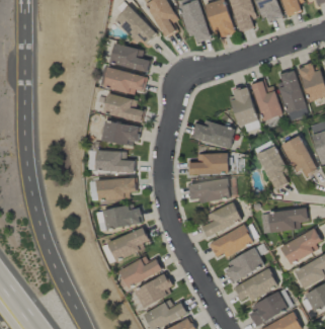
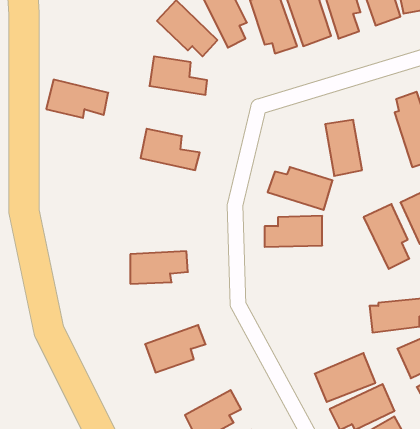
building: [103,68,146,94] -> [46,80,108,118]
building: [251,80,282,121] -> none
building: [101,120,141,146] -> none
building: [96,151,136,172] -> none
building: [188,180,230,202] -> none
building: [201,202,242,237] -> none
building: [103,205,142,229] -> none
building: [210,225,254,257] -> none
building: [119,257,163,289] -> none

